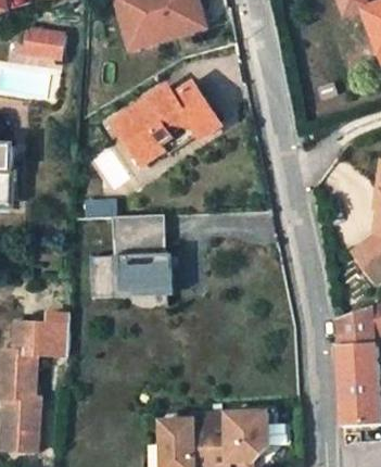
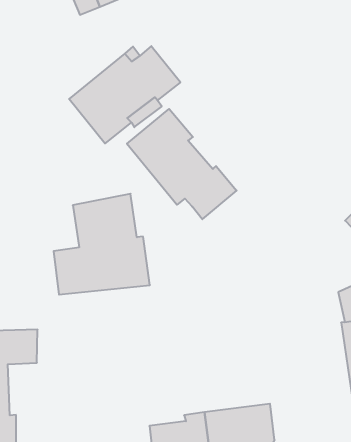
building: none -> [127,109,237,219]

